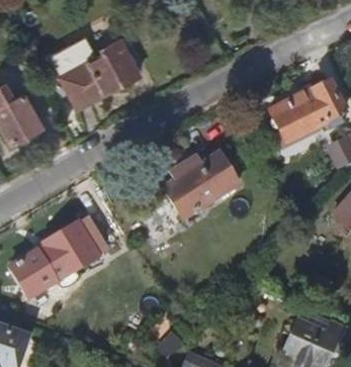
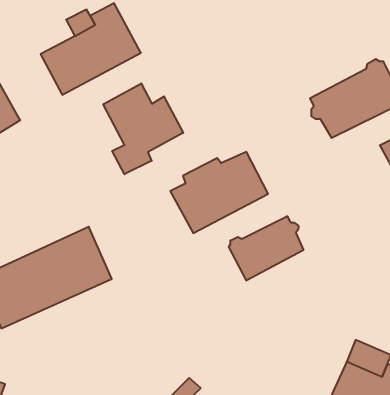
building: none -> [103,83,183,174]
building: none -> [229,216,303,281]

